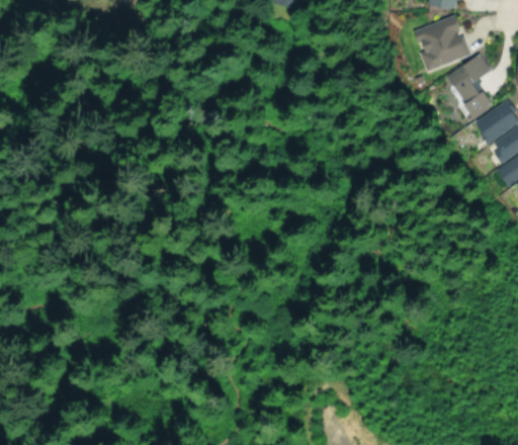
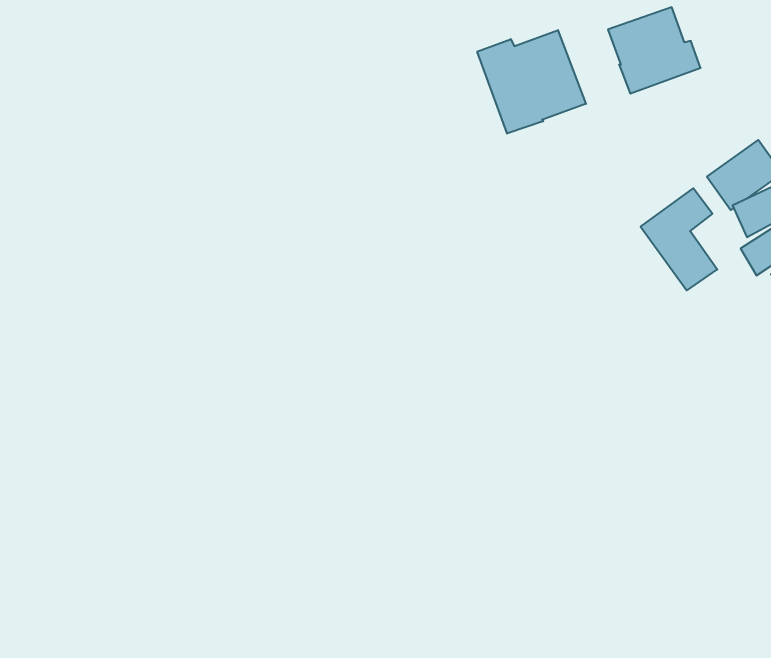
building: none -> [477,30,586,134]
building: [446,54,495,118] -> [641,188,717,290]

